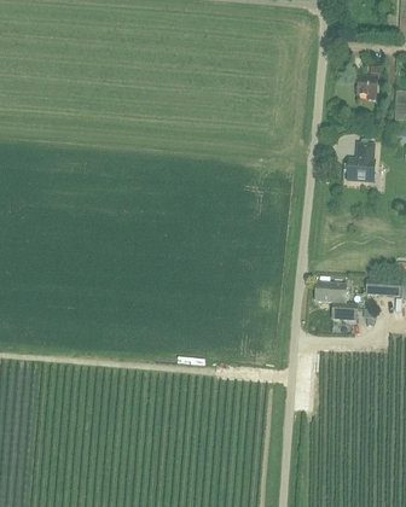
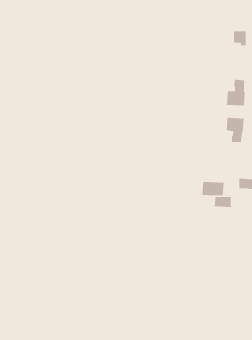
building: none -> [226,117,244,143]

